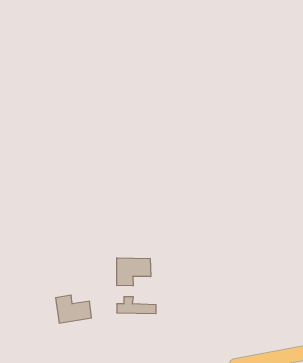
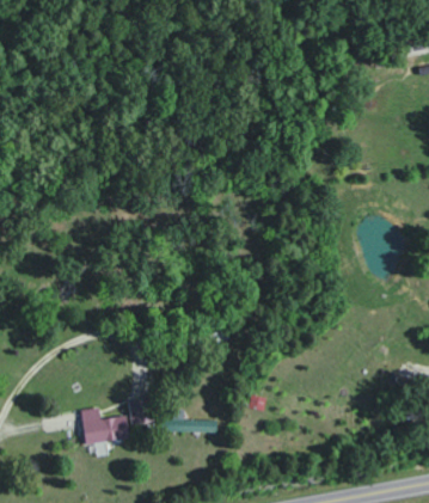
building: [117,258,151,286] -> none

